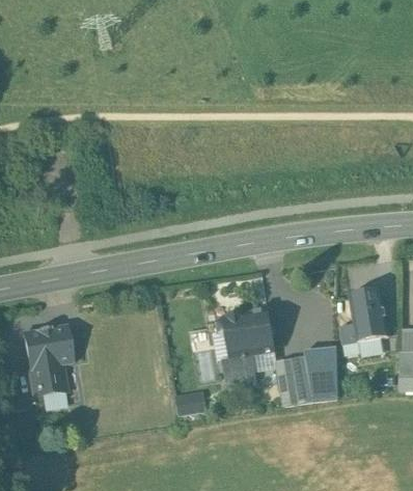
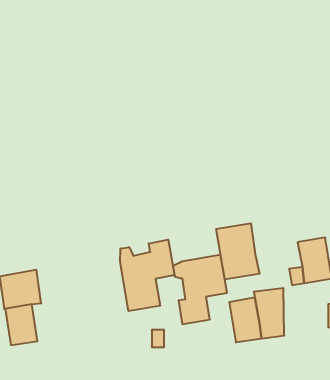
building: none -> [216,223,260,279]
building: none -> [120,240,174,311]

